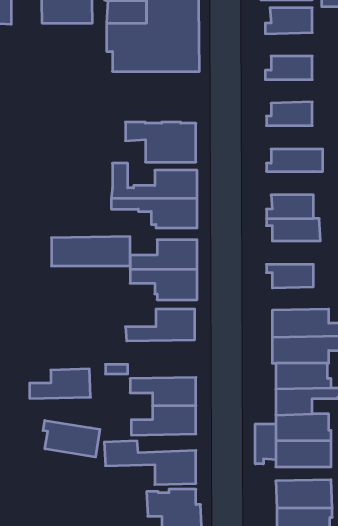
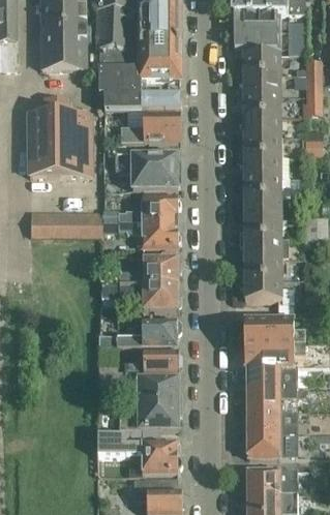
building: none -> [238,77,279,97]
building: none -> [26,110,89,174]
building: none -> [120,115,179,143]
building: none -> [238,118,279,139]
building: none -> [239,157,287,179]
building: none -> [239,199,280,219]
building: [51,237,130,266] -> [30,209,99,235]
building: none -> [239,260,280,280]
building: [30,369,91,398] -> [125,351,179,376]
building: [43,420,100,457] -> none
building: [255,424,276,464] -> none

